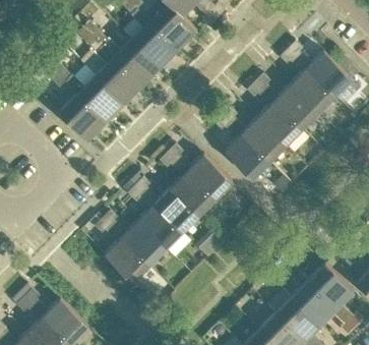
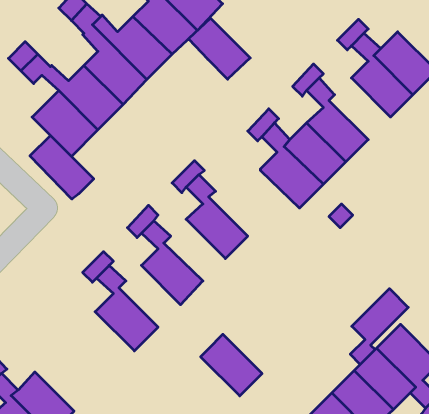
building: none -> [189,18,250,79]
building: [272,85,317,130] -> none
building: none -> [30,135,94,199]
building: [185,155,231,200] -> none
building: [152,188,197,233] -> none
building: [120,222,165,267] -> [201,334,262,396]
building: none -> [350,289,408,364]

